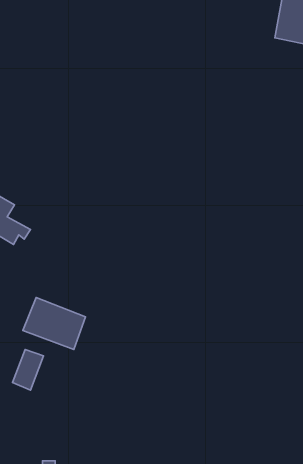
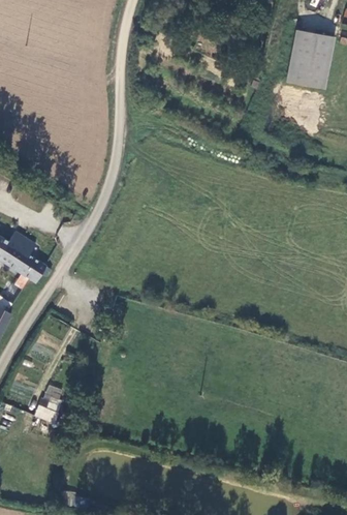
building: [23,298,86,349] -> none

